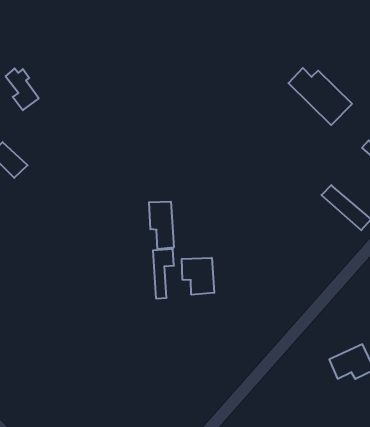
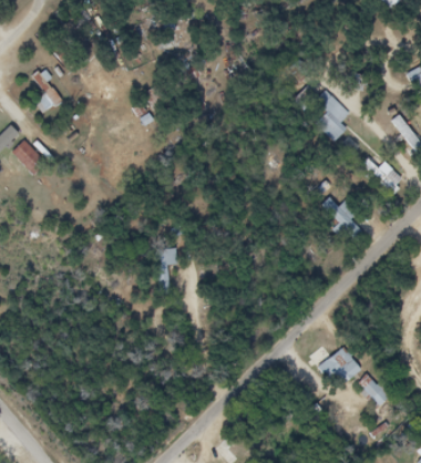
building: [149,202,174,249] -> none
building: [182,258,214,295] -> none

